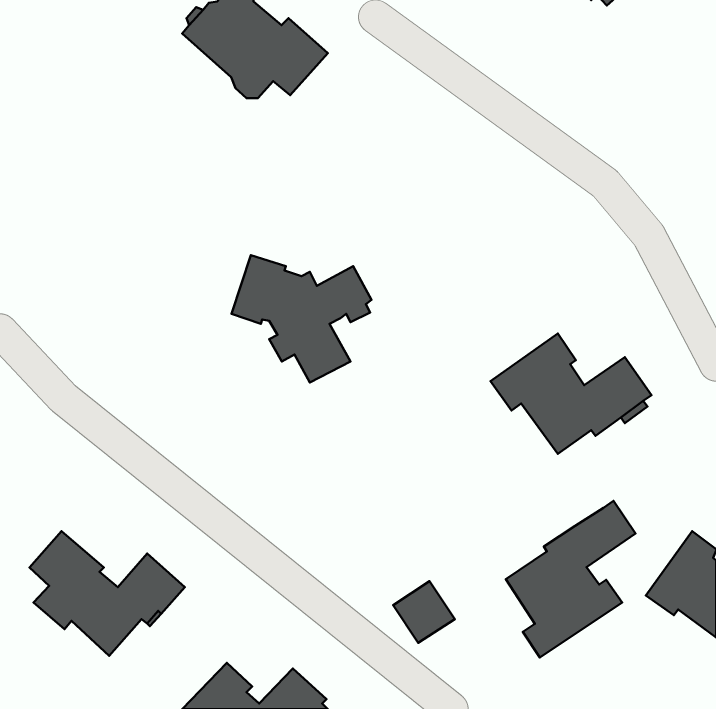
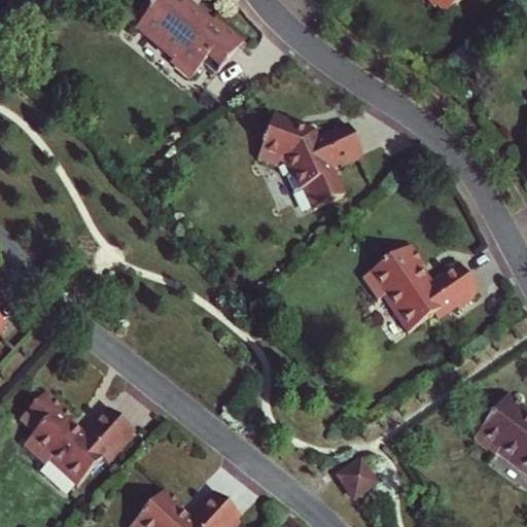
building: [231,255,371,383] -> [252,112,355,206]
building: [506,501,636,658] -> none
building: [393,581,455,643] -> [333,455,379,500]

